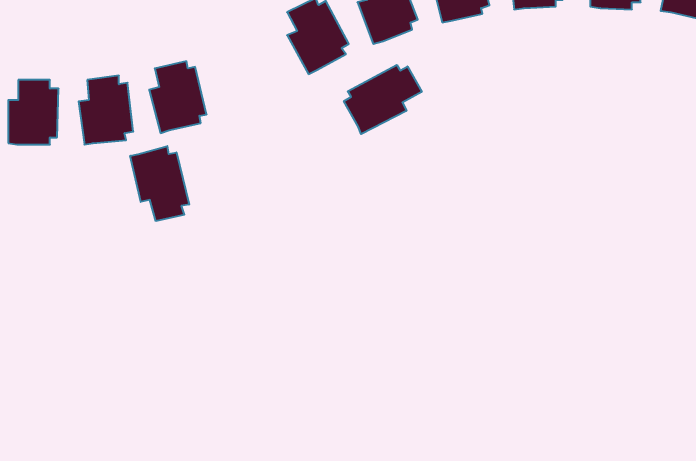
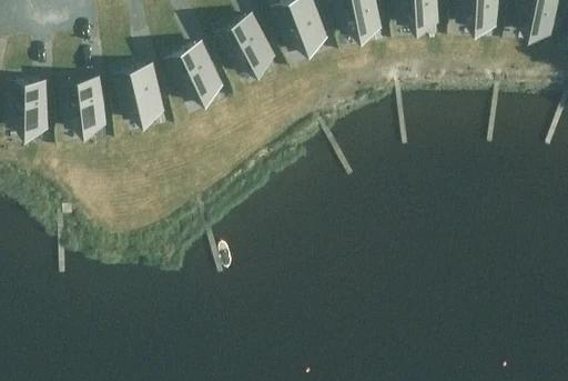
building: none -> [175,44,222,103]
building: [344,65,422,134] -> none
building: [130,146,189,221] -> none

